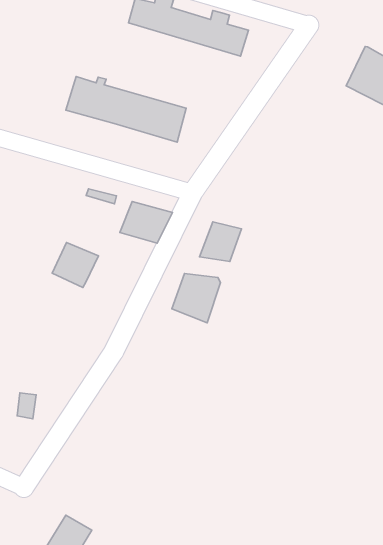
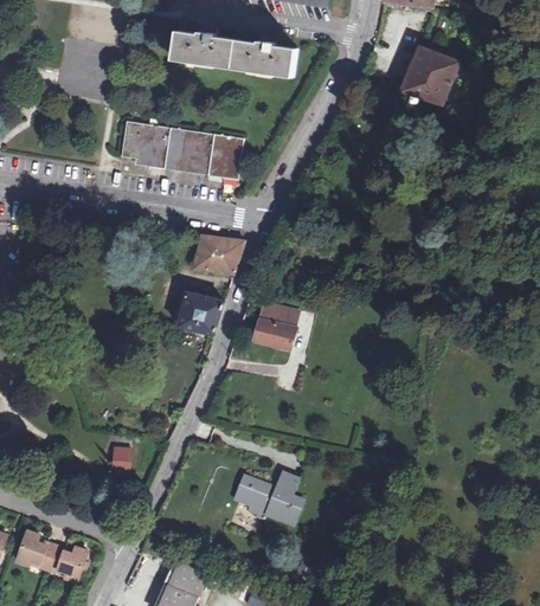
building: [200,222,241,261] -> none
building: [52,242,99,288] -> [176,295,221,339]
building: none -> [231,476,302,530]

